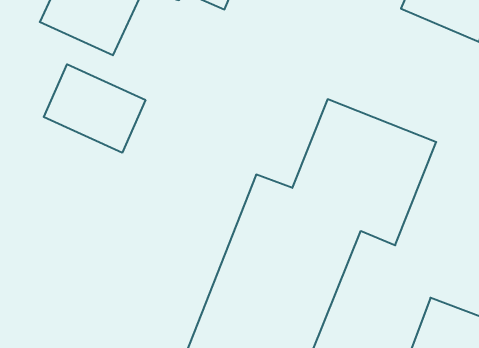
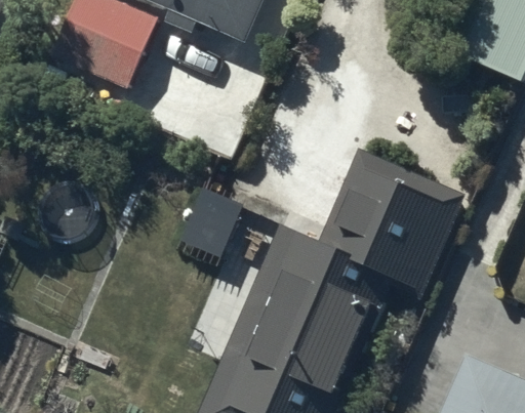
building: [44,64,145,153] -> none

